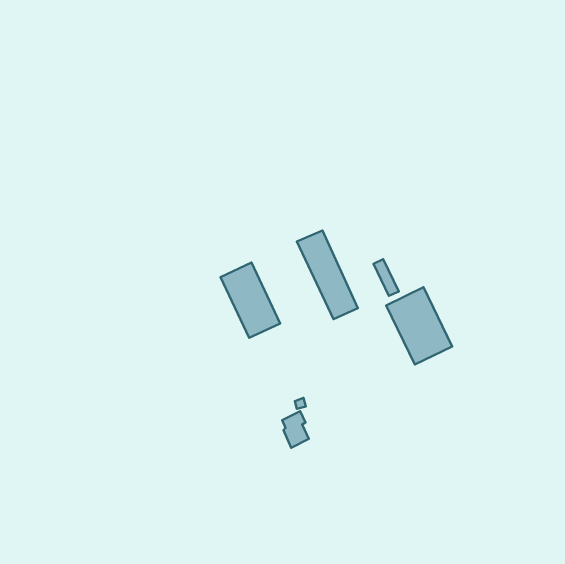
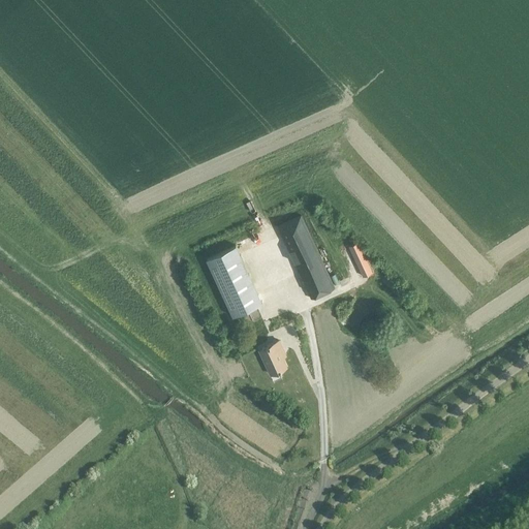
building: [386,287,452,365] -> none
building: [282,411,309,448] -> [262,342,287,376]

